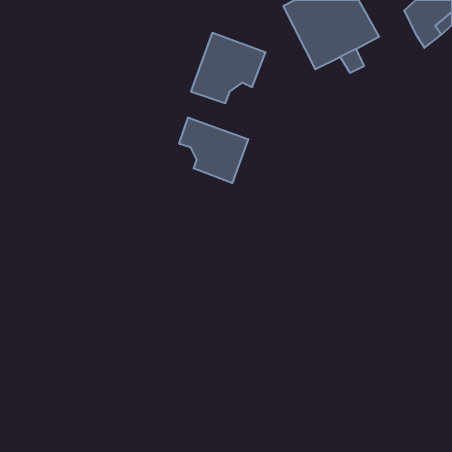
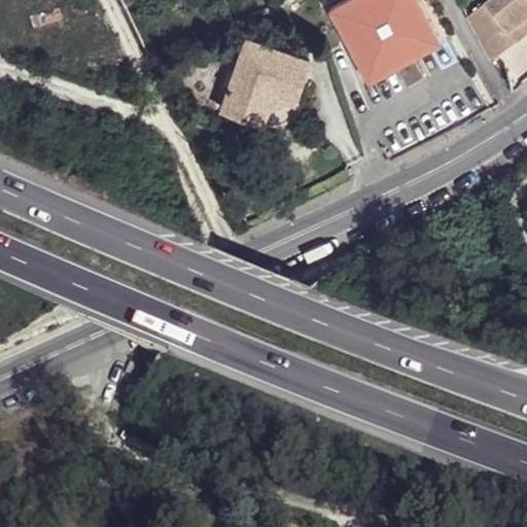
building: [179,117,248,183] -> none

